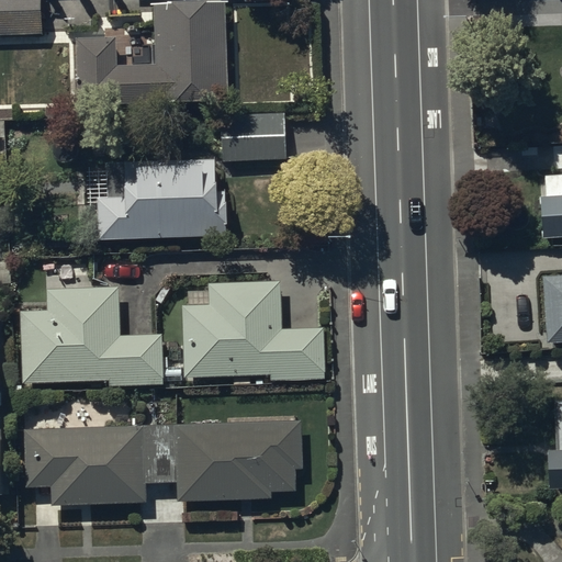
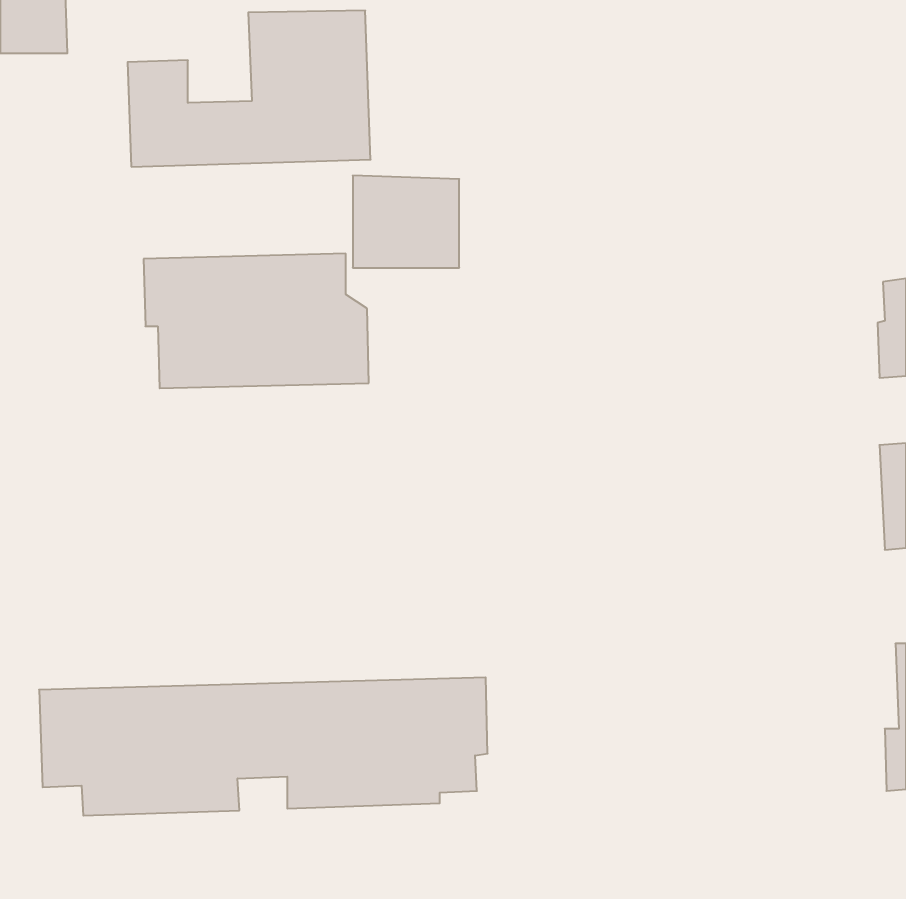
building: [184,281,324,380] -> none
building: [21,286,162,385] -> none

